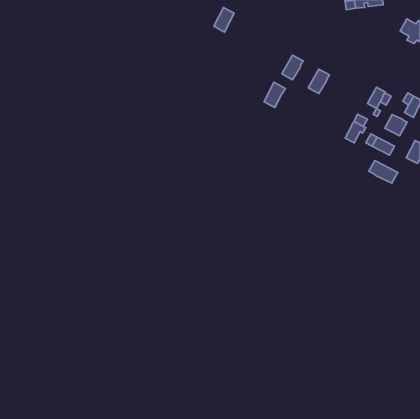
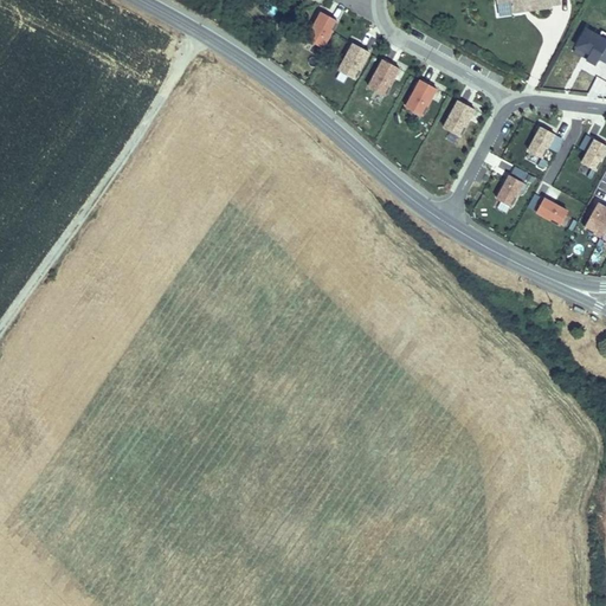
building: none -> [339,43,369,78]
building: [264,82,285,108] -> [369,58,400,95]
building: [385,114,407,136] -> none
building: [369,160,398,183] -> none

